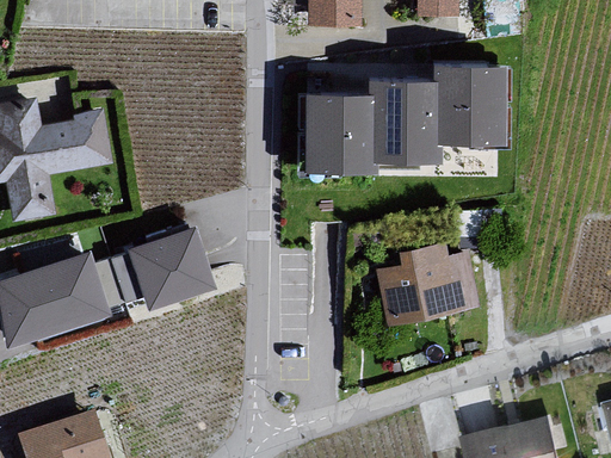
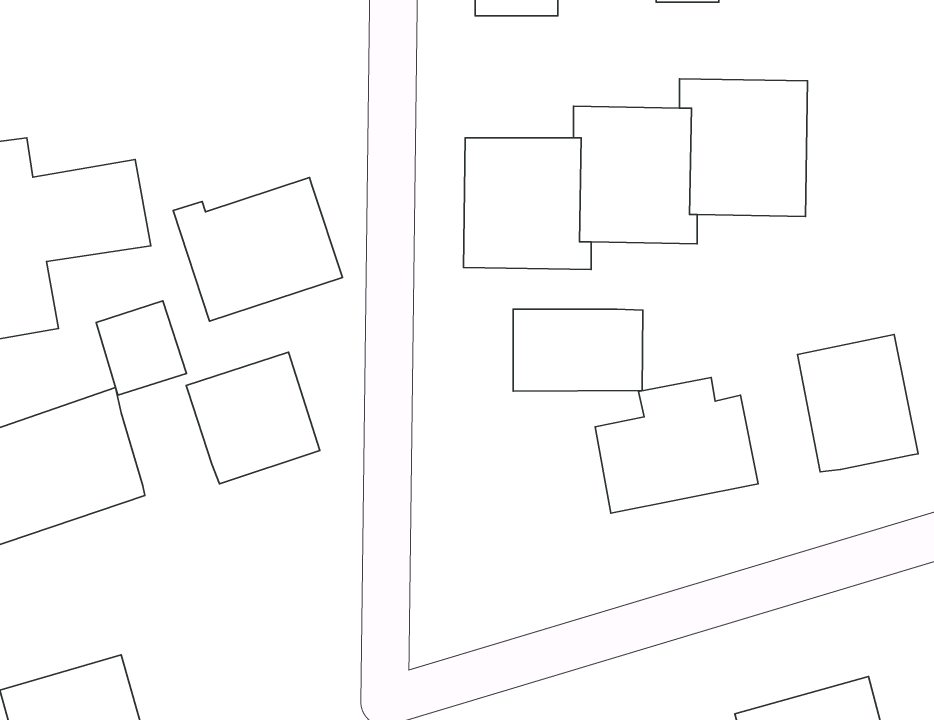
building: none -> [173,177,342,321]
building: none -> [513,309,643,391]
building: none -> [797,335,918,472]
building: [93,250,148,308] -> [96,301,187,395]

